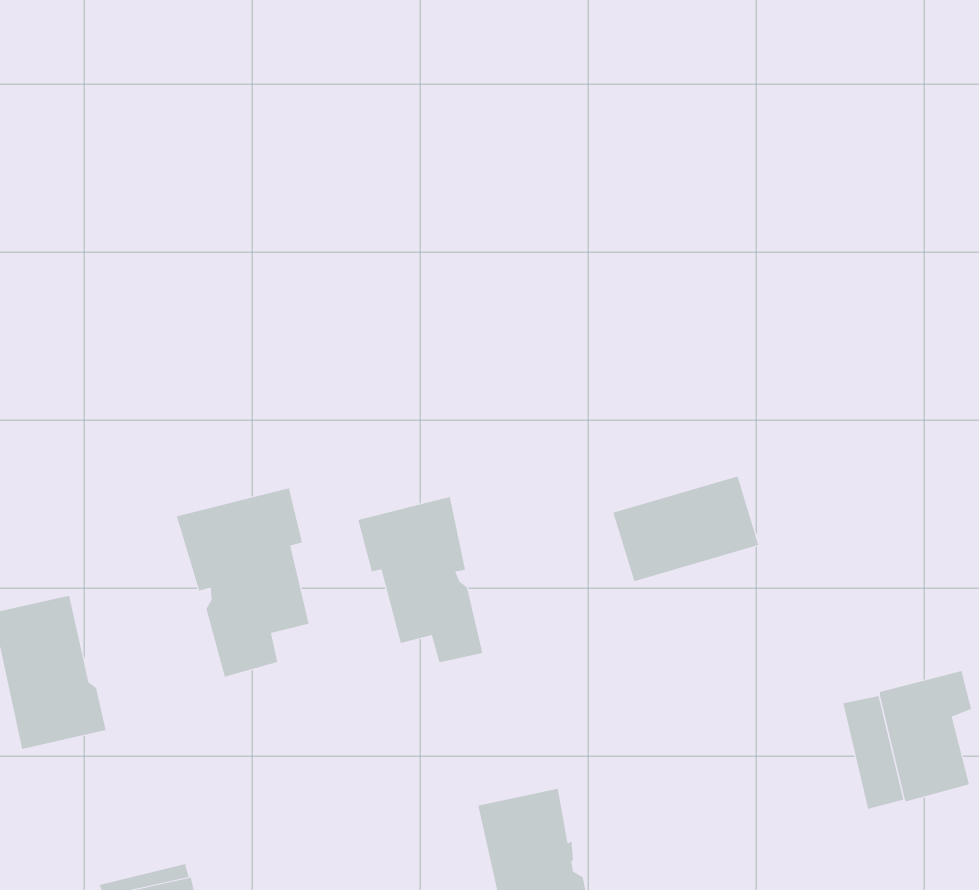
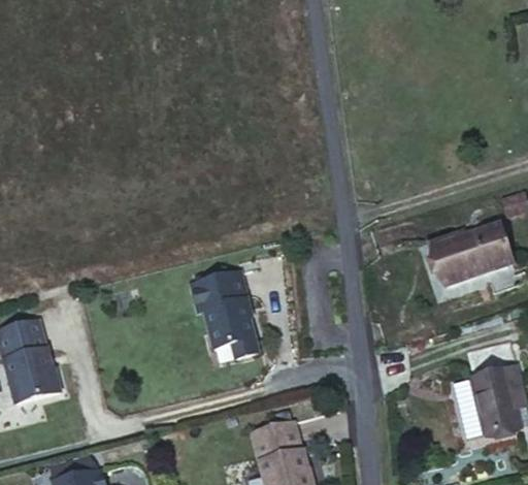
building: [612,476,759,582] -> [427,225,505,282]
building: [176,488,309,678] -> none

